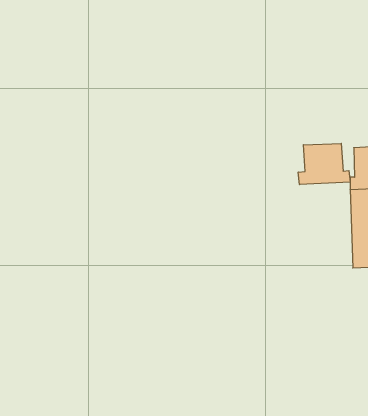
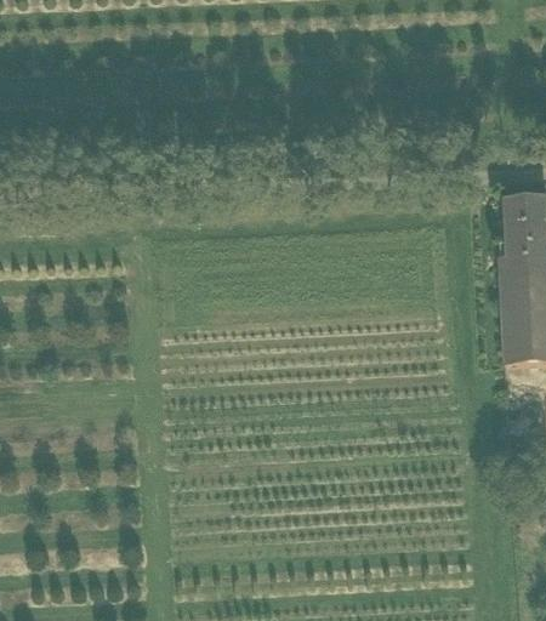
building: [298,143,350,185] -> none

